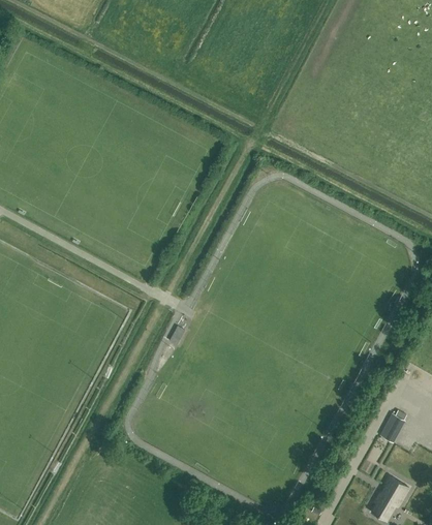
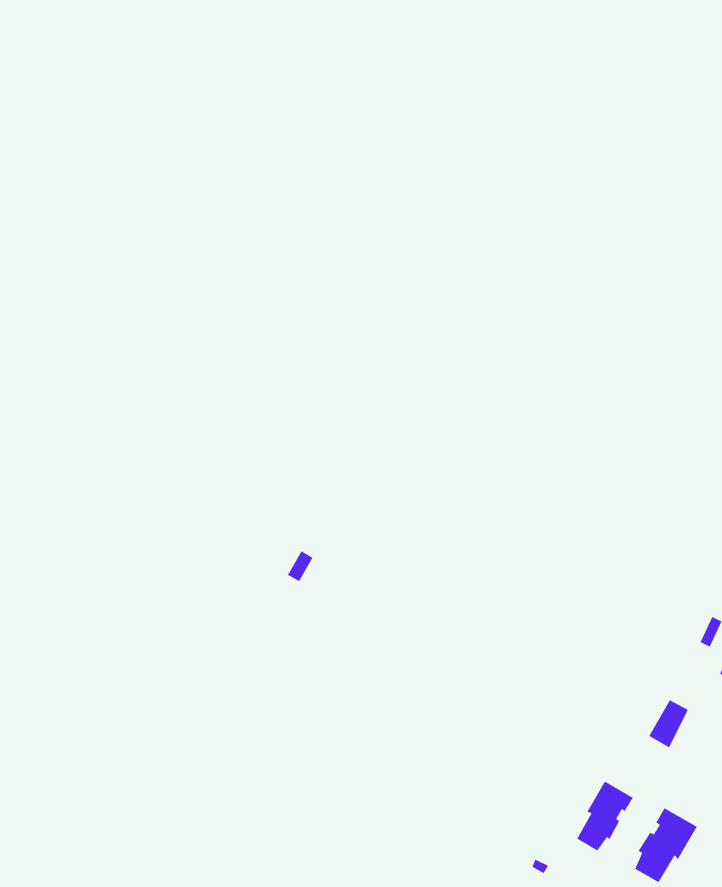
building: none -> [576,781,634,851]

